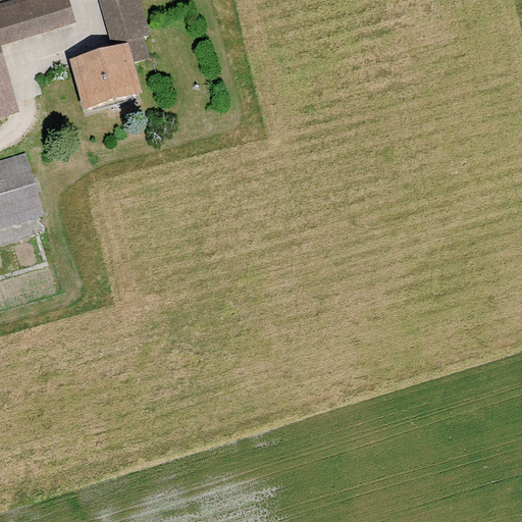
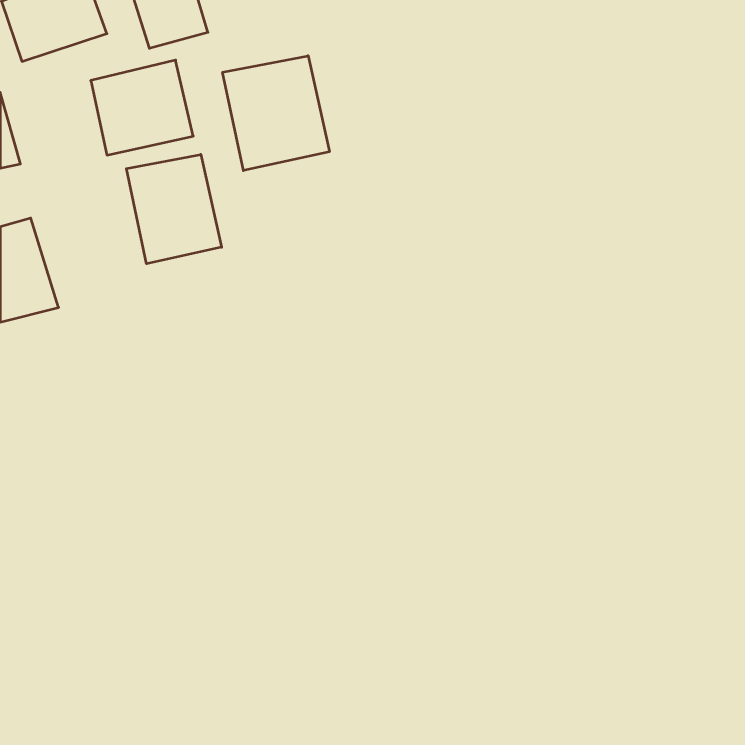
building: none -> [223,56,329,171]
building: none -> [126,154,222,264]

